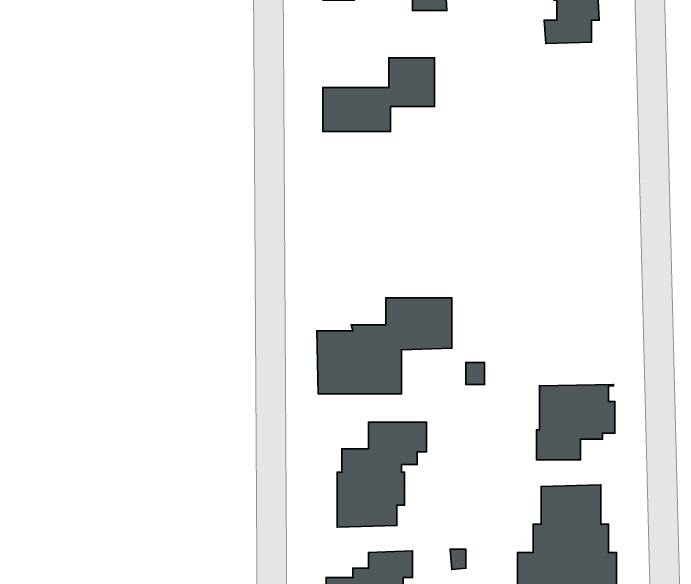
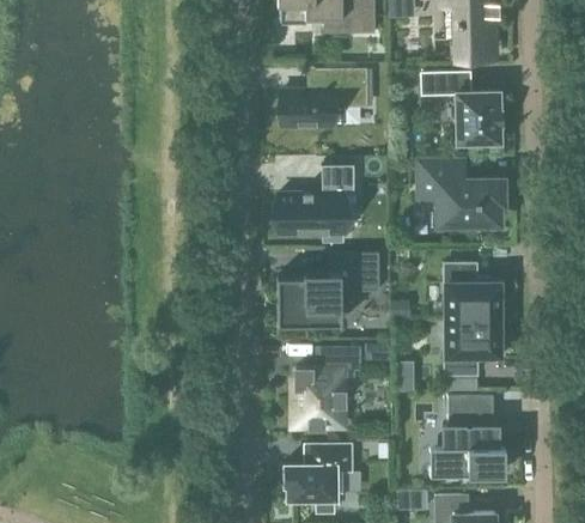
building: none -> [422,74,501,145]
building: none -> [420,164,504,225]
building: none -> [280,166,355,244]
building: none -> [445,264,505,321]

